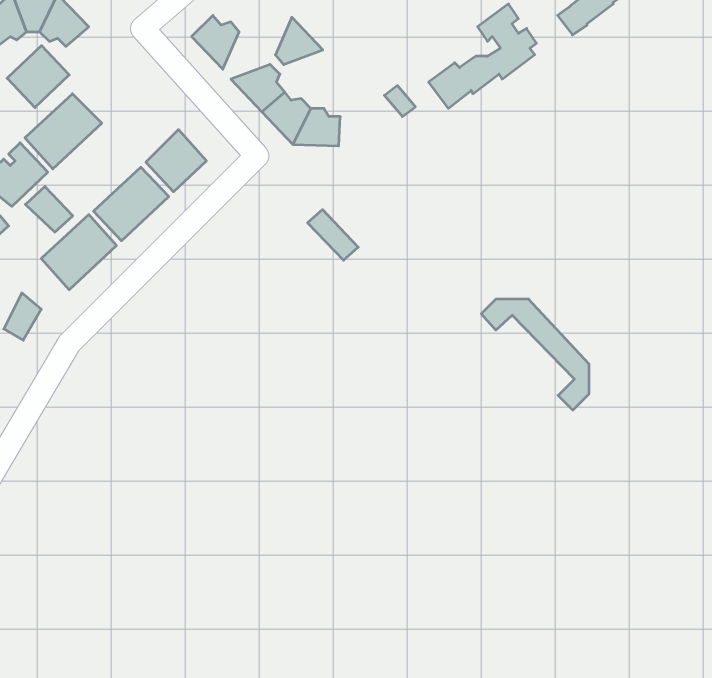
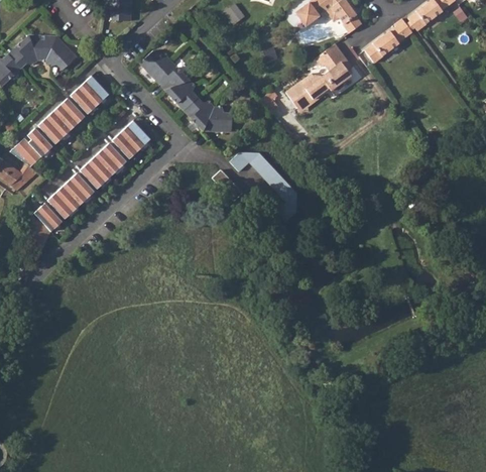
building: [275,17,323,65] -> [159,60,189,89]
building: [7,46,69,108] -> [70,76,108,114]
building: [25,186,73,232] -> [32,203,62,231]
building: [481,299,589,410] -> [229,151,295,220]

